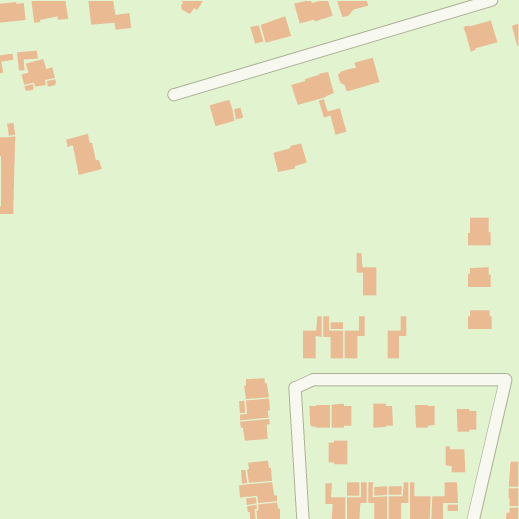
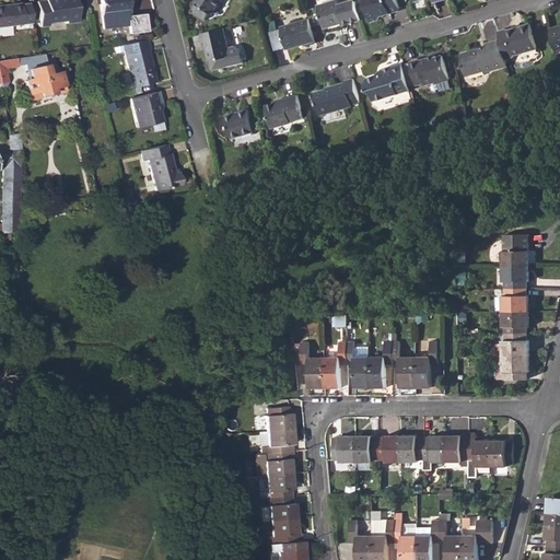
building: none -> [201,28,242,62]
building: none -> [119,38,153,88]
building: none -> [458,38,506,74]
building: none -> [409,55,447,84]
building: none -> [127,91,160,127]
building: [318,98,347,136] -> none
building: [65,133,103,176] -> [138,143,178,189]
building: [272,142,308,173] -> [264,94,302,127]
building: none -> [502,266,529,289]
building: [356,252,377,296] -> [393,340,416,387]
building: none -> [502,311,529,334]
building: none -> [302,340,325,387]
building: none -> [495,355,529,378]
building: none -> [422,435,446,470]
building: none -> [262,474,291,498]
building: [328,440,348,465] -> [378,434,400,462]
building: [445,446,466,473] -> [468,436,491,466]

